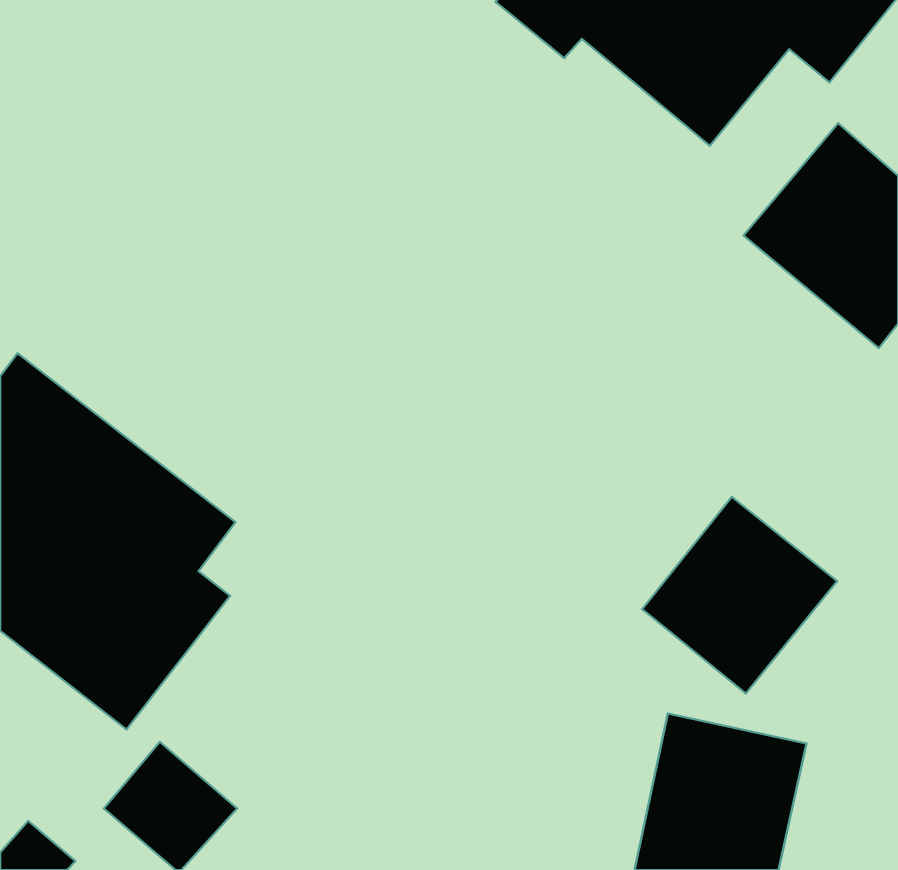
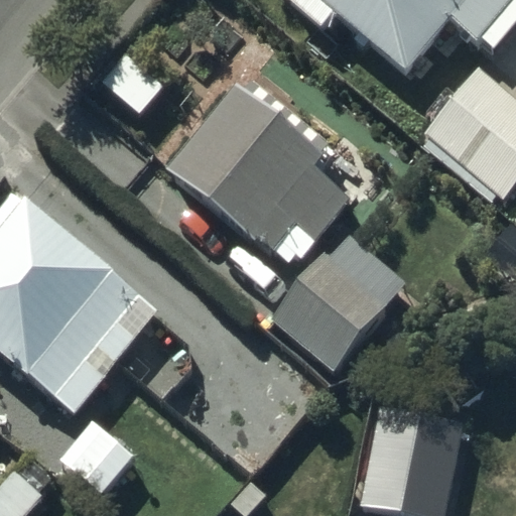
building: none -> [166,86,349,266]
building: [642,497,837,694] -> [275,260,387,373]

